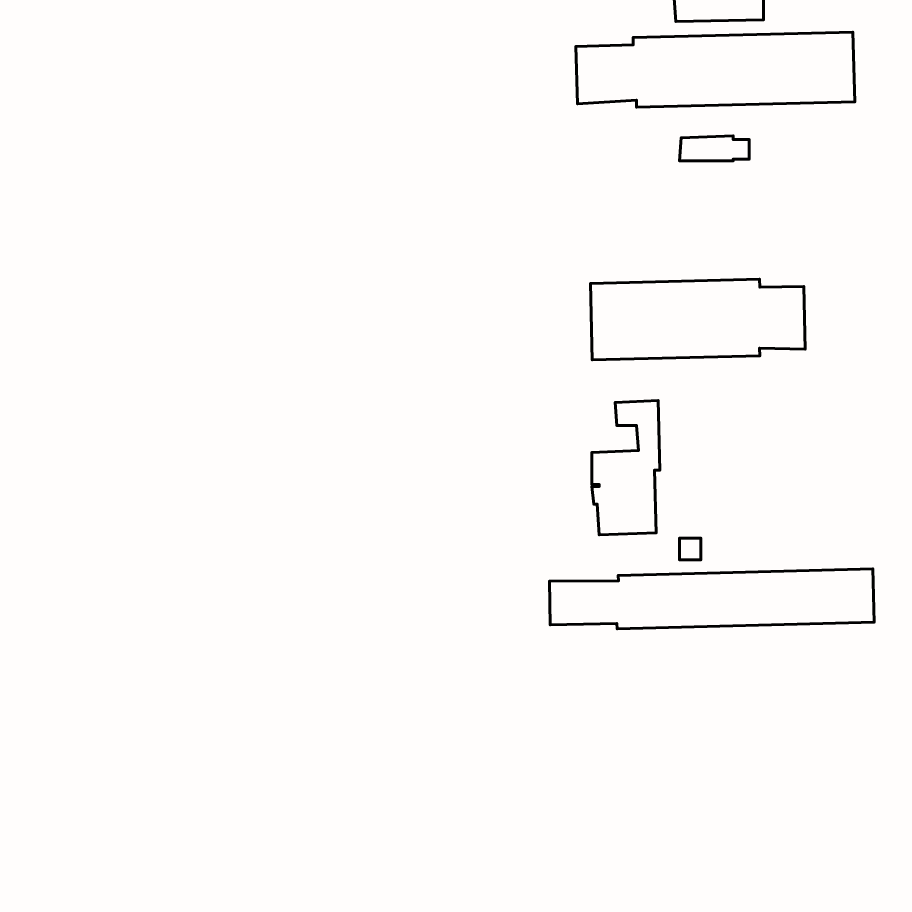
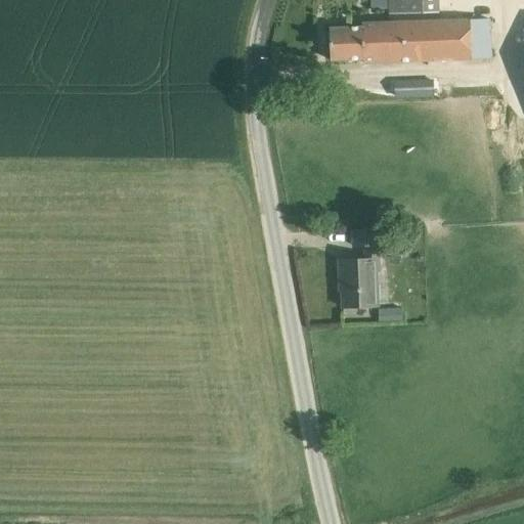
building: [590,279,805,360] -> none
building: [549,569,874,629] -> none

